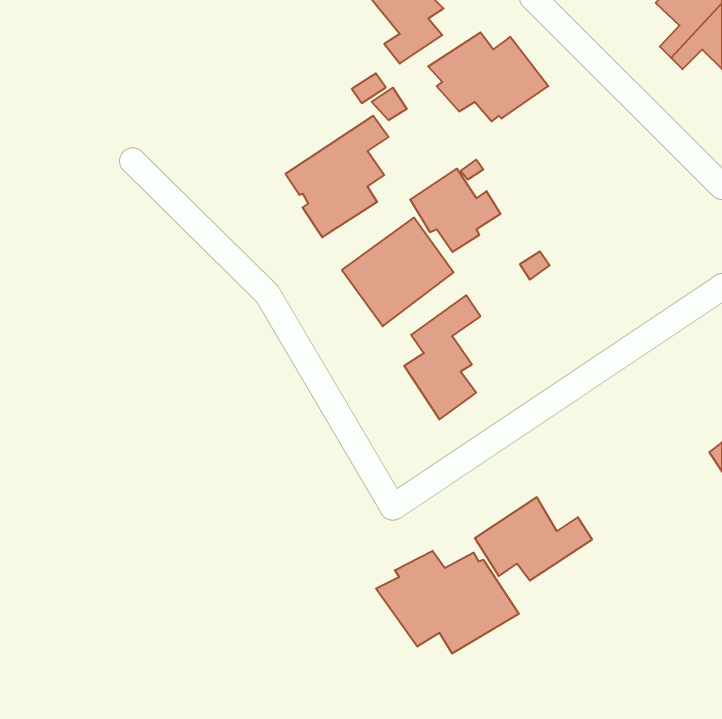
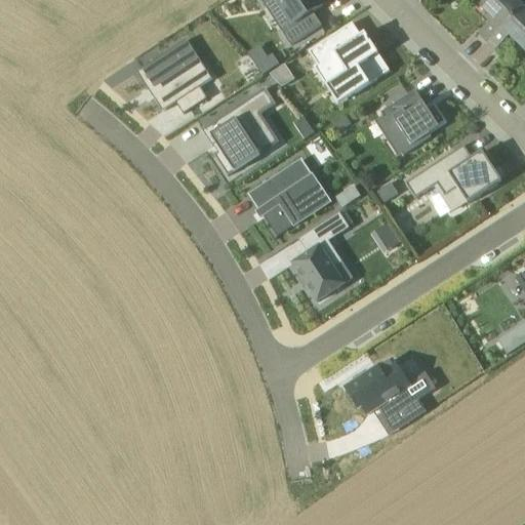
building: none -> [148,46,223,108]
building: [410,169,501,252] -> [371,79,437,139]
building: none -> [403,150,499,205]
building: [376,551,519,654] -> none

